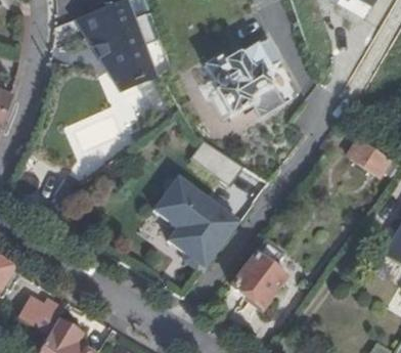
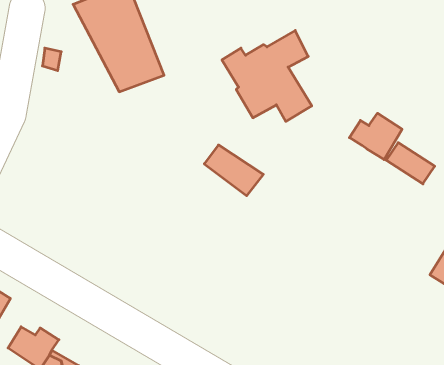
building: none -> [349,113,402,160]
building: [149,174,239,269] -> none
building: [233,236,284,305] -> none

